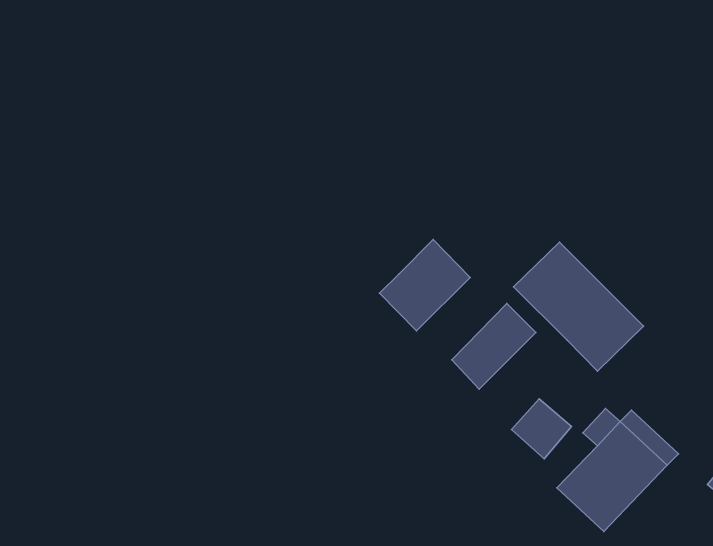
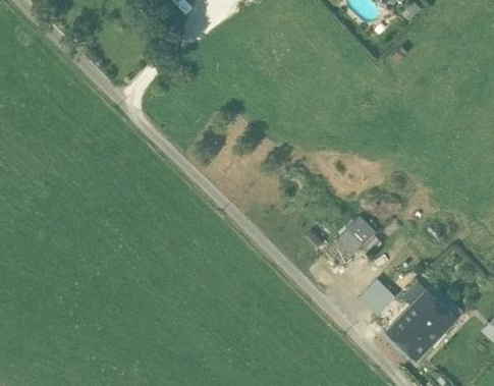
building: [380,240,470,331] -> none
building: [513,242,644,371] -> none

